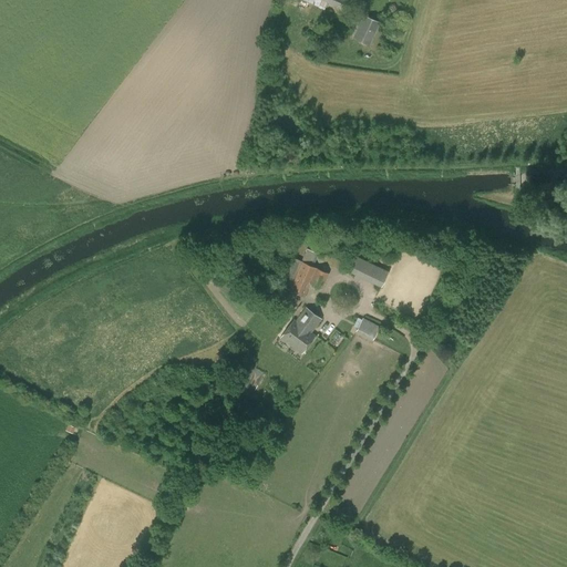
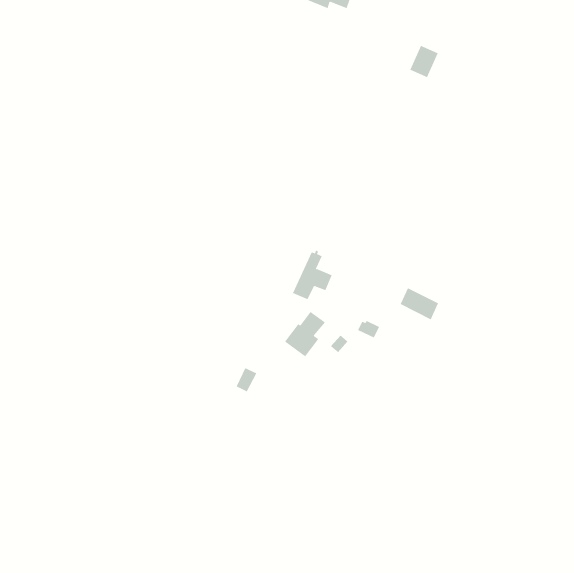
building: [351,13,380,45] -> [409,45,439,78]
building: [349,255,388,287] -> [400,287,439,320]

